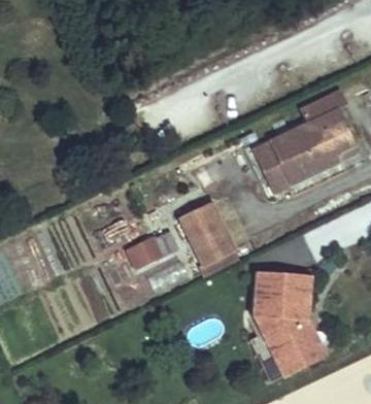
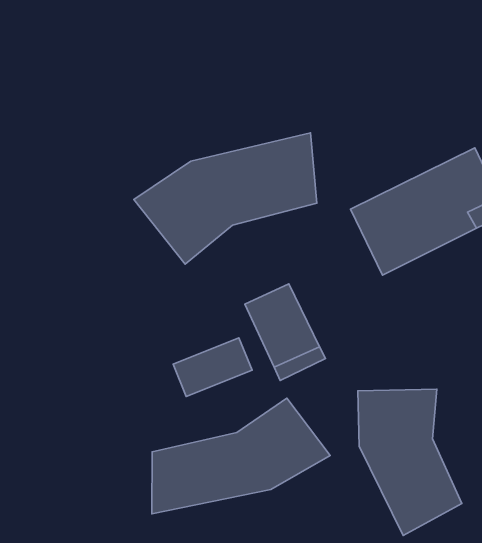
building: none -> [134,133,317,264]
building: none -> [152,398,330,514]

